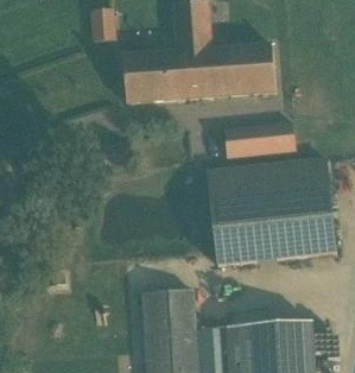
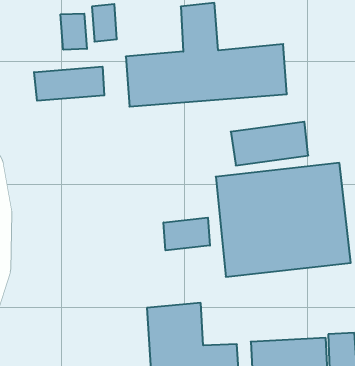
building: none -> [61,14,87,50]
building: none -> [34,67,104,101]
building: none -> [164,218,210,250]

